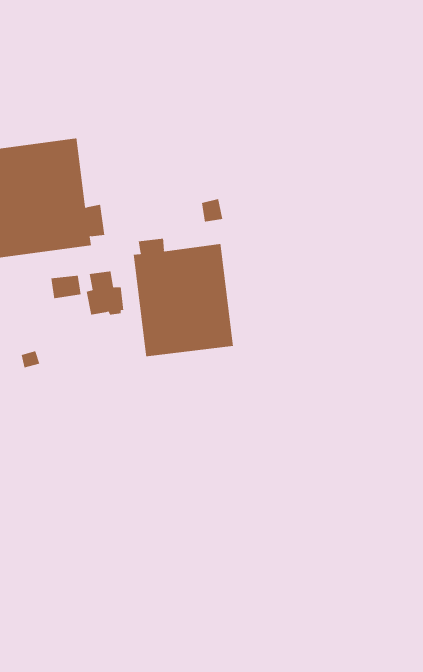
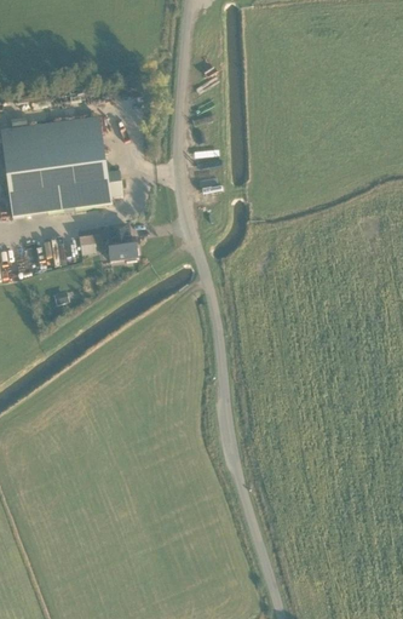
building: [133,238,234,357] -> none

